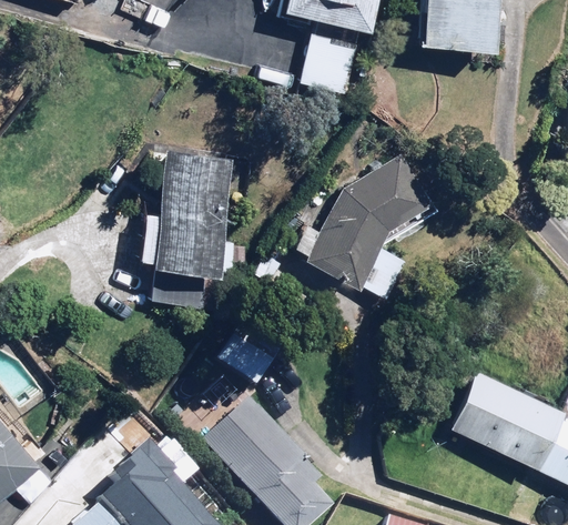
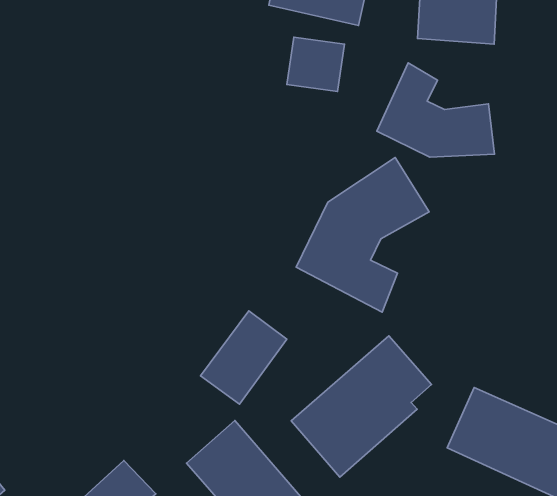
building: none -> [377,63,495,157]
building: [155,151,231,307] -> none
building: none -> [291,336,431,477]

